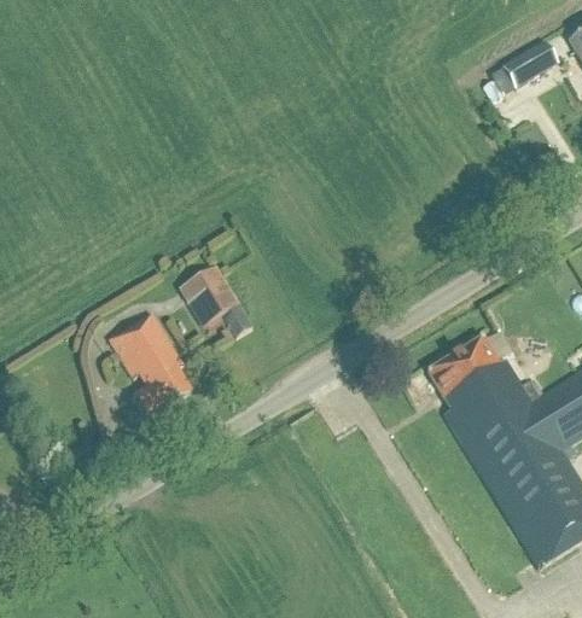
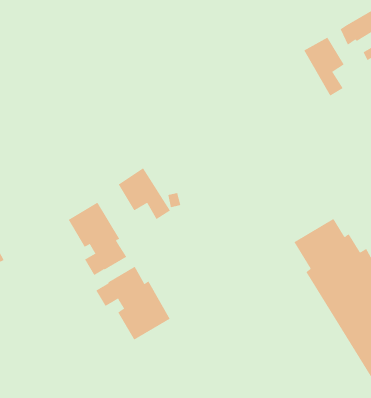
building: none -> [303,37,344,96]
building: none -> [96,266,171,341]

